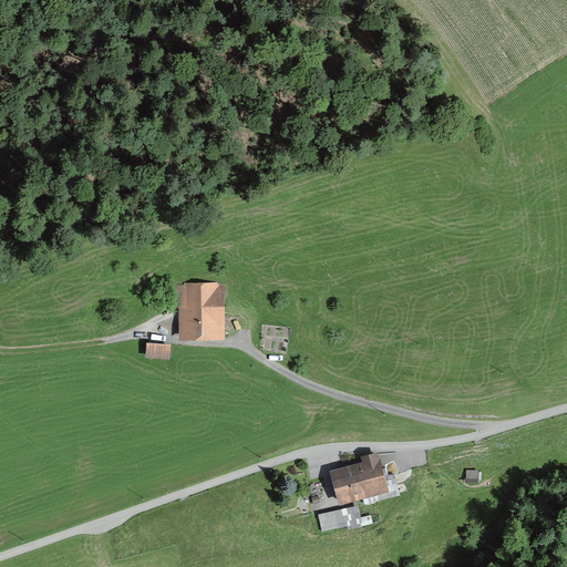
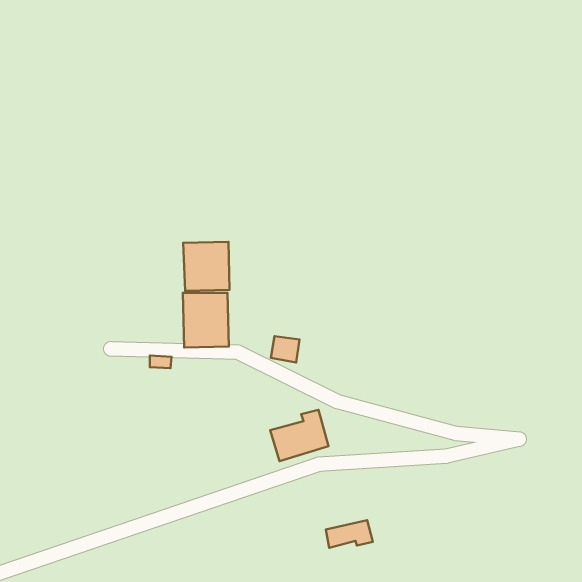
building: none -> [183,242,229,291]
building: [330,453,386,503] -> [270,410,329,461]

